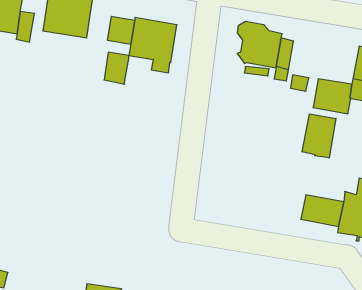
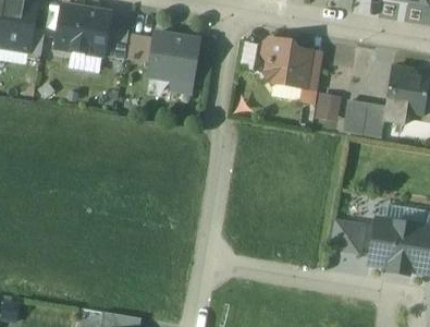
building: [104,52,129,84] -> [101,25,127,59]
building: [302,114,336,158] -> none

